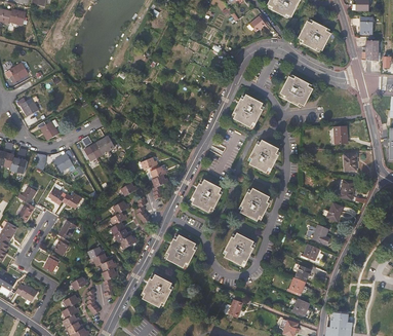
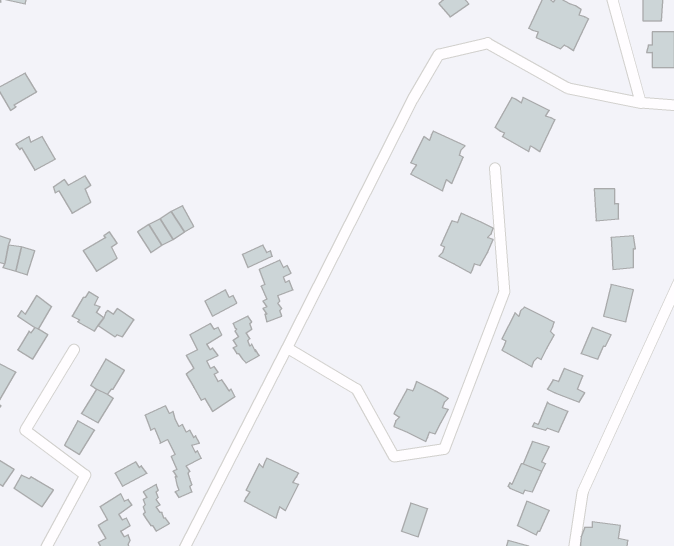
building: [191,179,221,212] -> none
building: [240,188,269,221] -> [502,307,554,367]
building: [166,234,195,267] -> none

